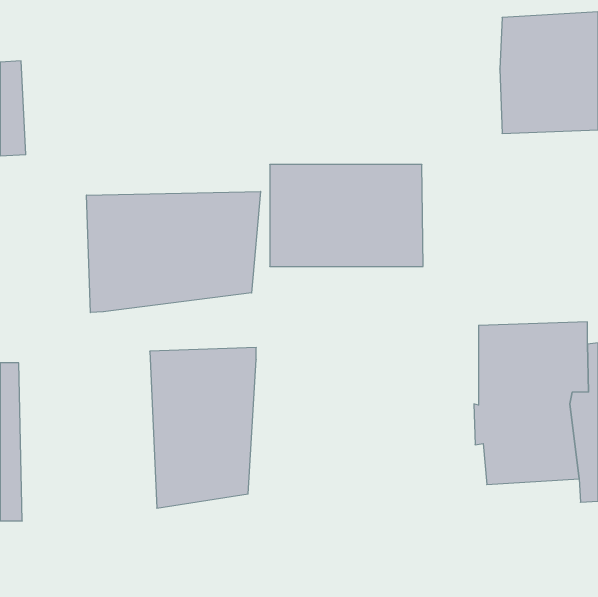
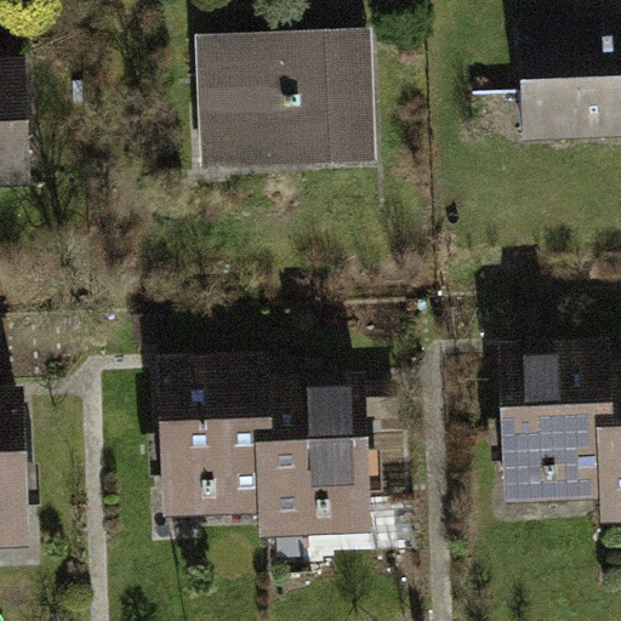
building: [270,165,423,266] -> [222,57,381,163]
building: [87,191,261,313] -> none
building: none -> [257,370,370,541]

